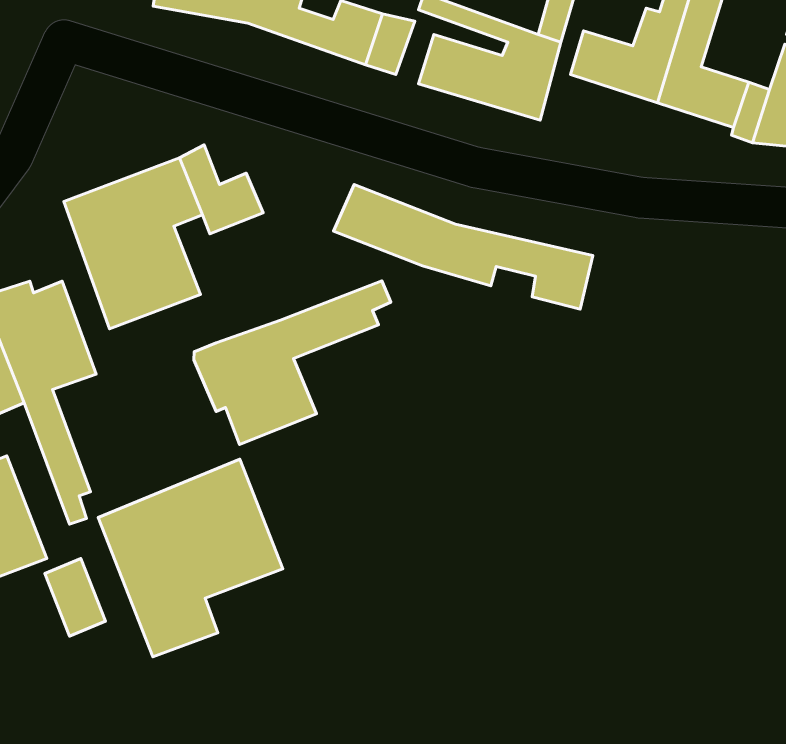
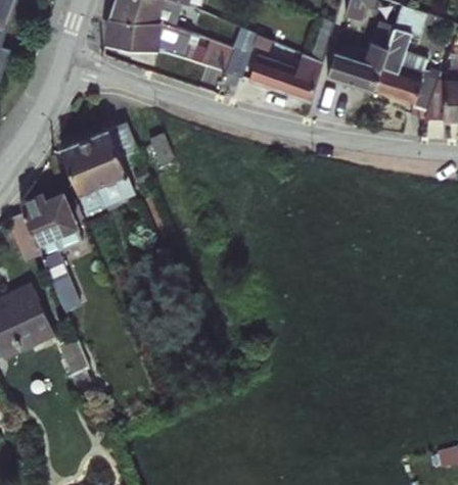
building: [333,185,593,309] -> none
building: [194,281,391,445] -> none
building: [98,459,283,657] -> none

